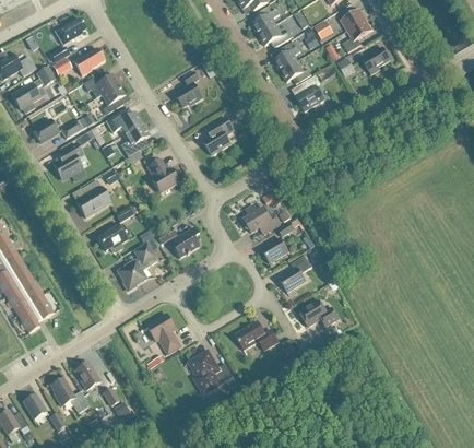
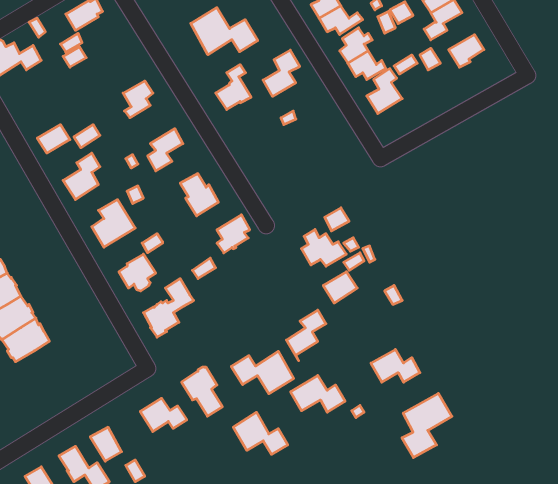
building: none -> [191,8,258,55]
building: [72,47,104,75] -> none
building: [11,66,56,113] -> none
building: [82,73,118,94] -> none
building: [105,108,142,134] -> none
building: [204,117,234,154] -> [263,50,300,96]
building: [174,226,200,257] -> [217,215,250,253]
building: [280,255,311,295] -> [286,310,326,361]
building: [14,293,54,332] -> none
building: none -> [231,351,294,394]
building: none -> [402,393,452,458]
building: none -> [140,398,187,432]

